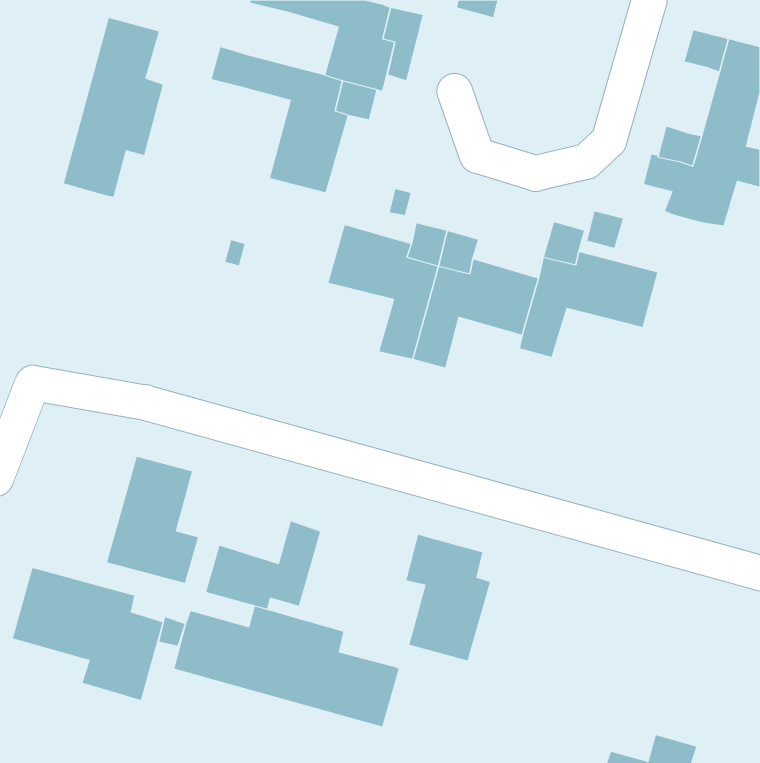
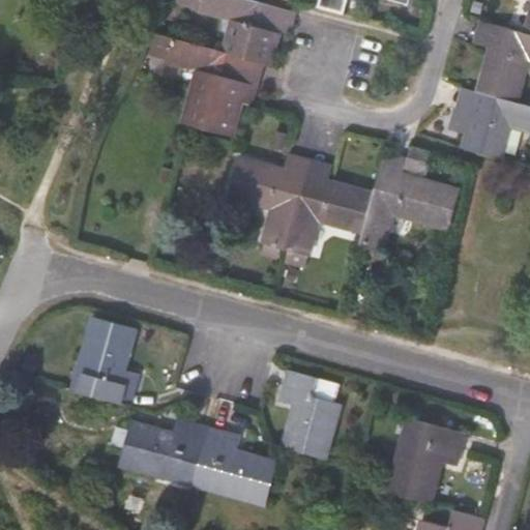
building: [63,17,164,197] -> none
building: [206,521,321,610] -> none
building: [12,567,163,701] -> none
building: none -> [388,419,464,503]

